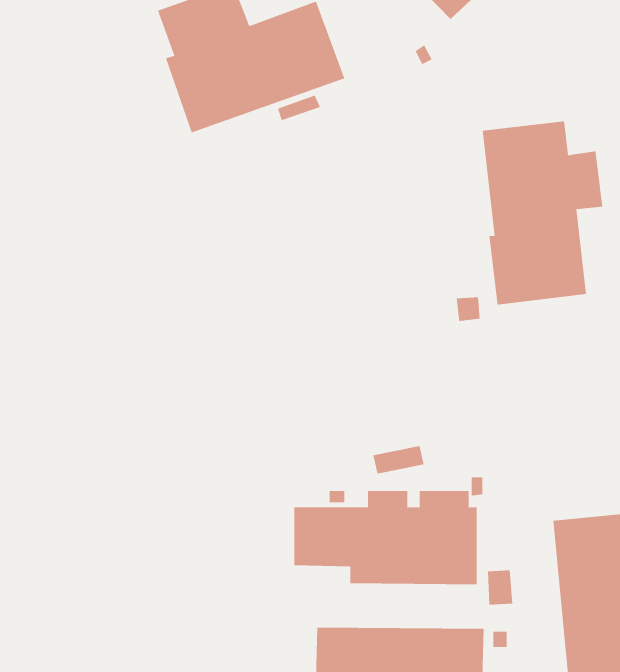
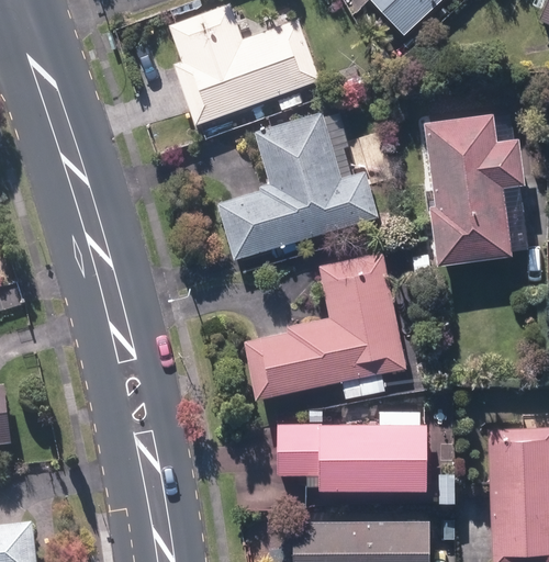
building: none -> [219,110,376,259]
building: none -> [246,256,403,398]

